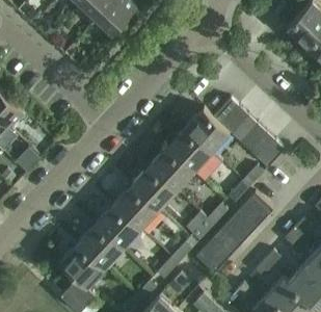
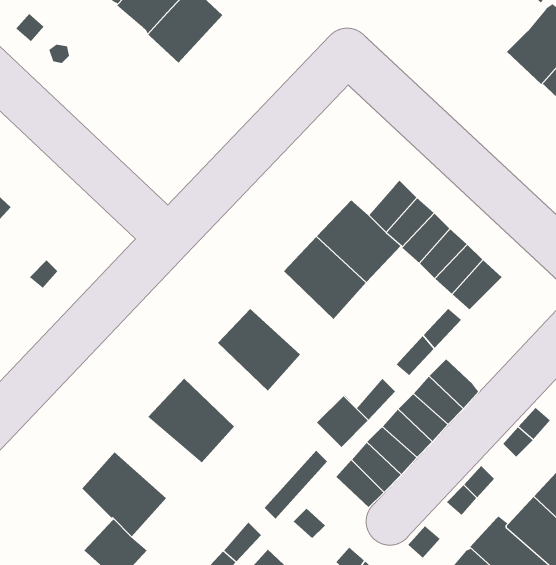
building: [150,147,194,191] -> none
building: [114,185,159,230] -> none
building: [77,225,124,268] -> none

